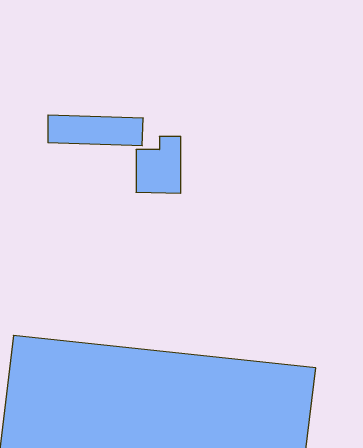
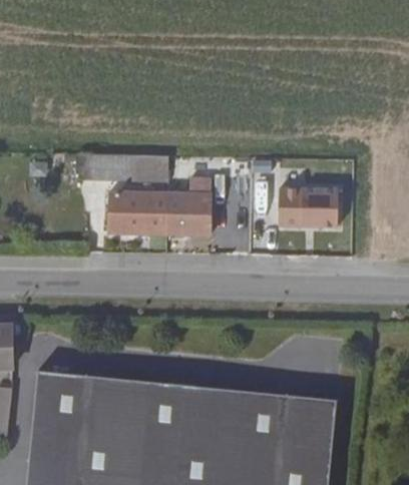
building: none -> [275,184,334,223]
building: none -> [120,188,159,230]

